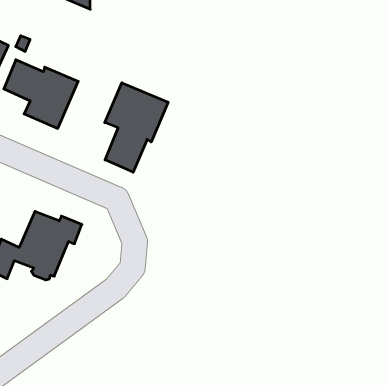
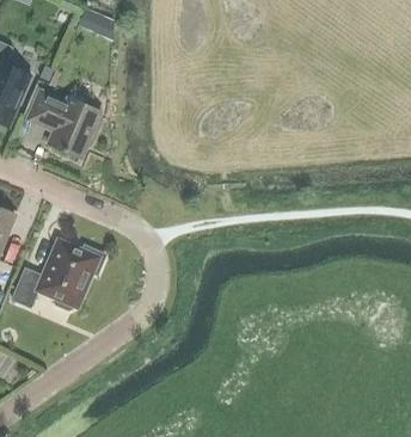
building: [105,83,168,172] -> none

